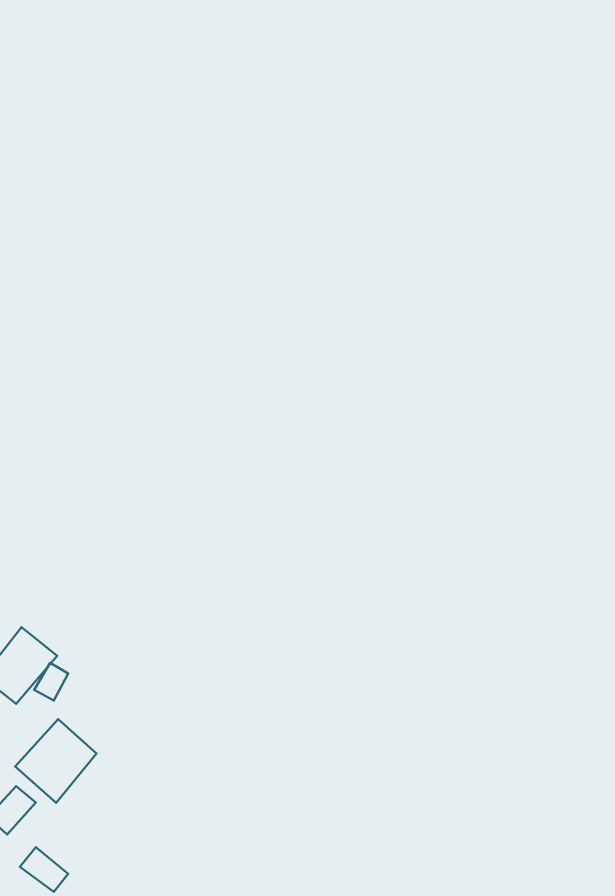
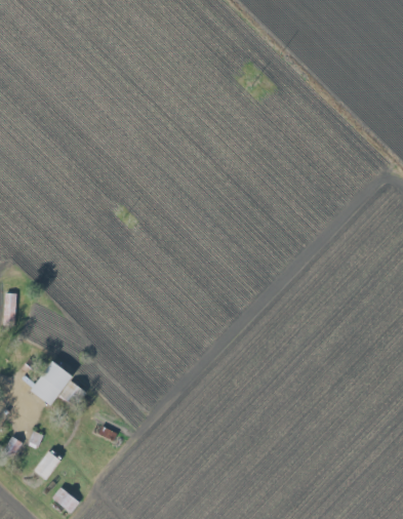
building: [15,719,97,803] -> none

